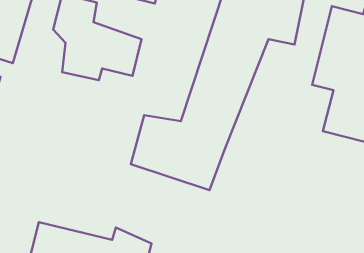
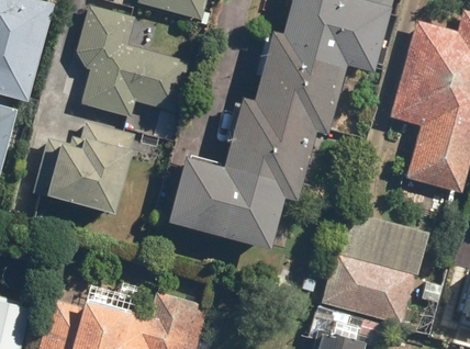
building: none -> [53,119,130,201]
building: none -> [333,219,422,322]

